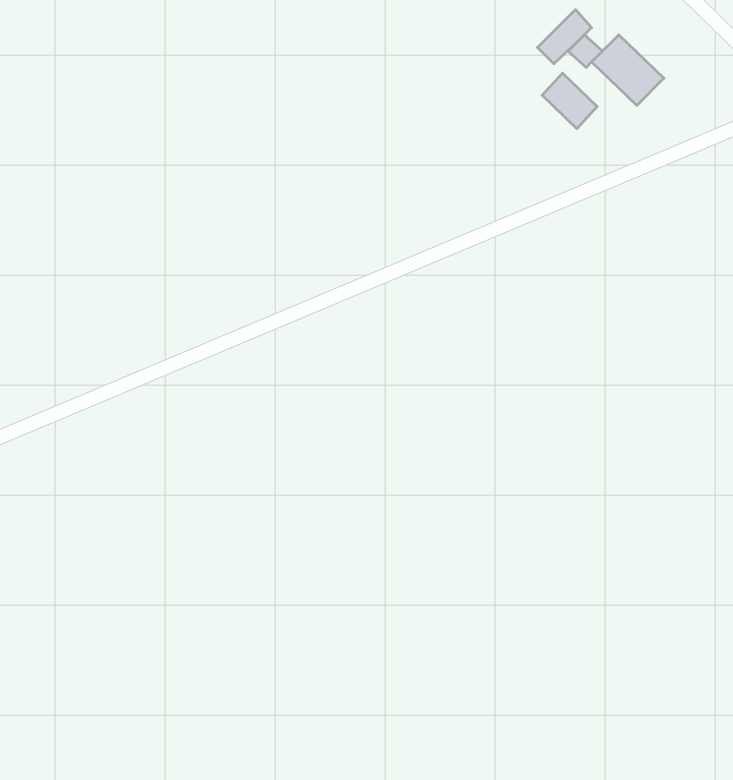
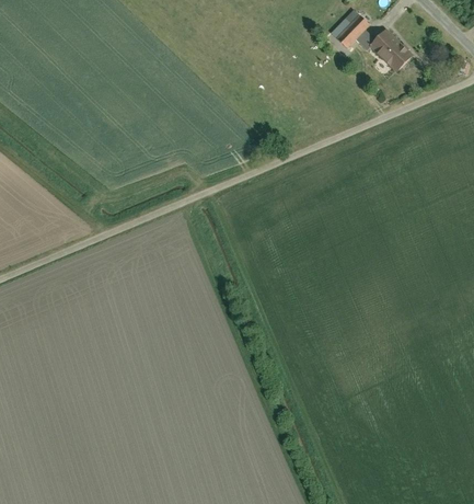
building: [542,73,597,129] -> none

